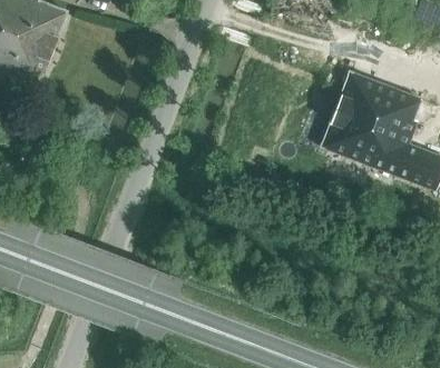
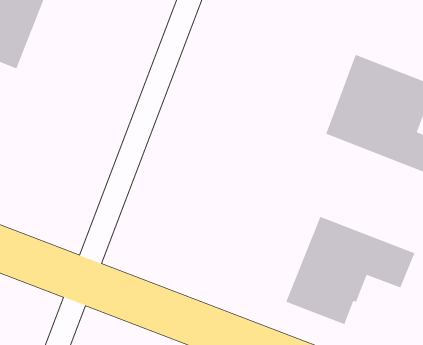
building: none -> [285,216,415,325]

